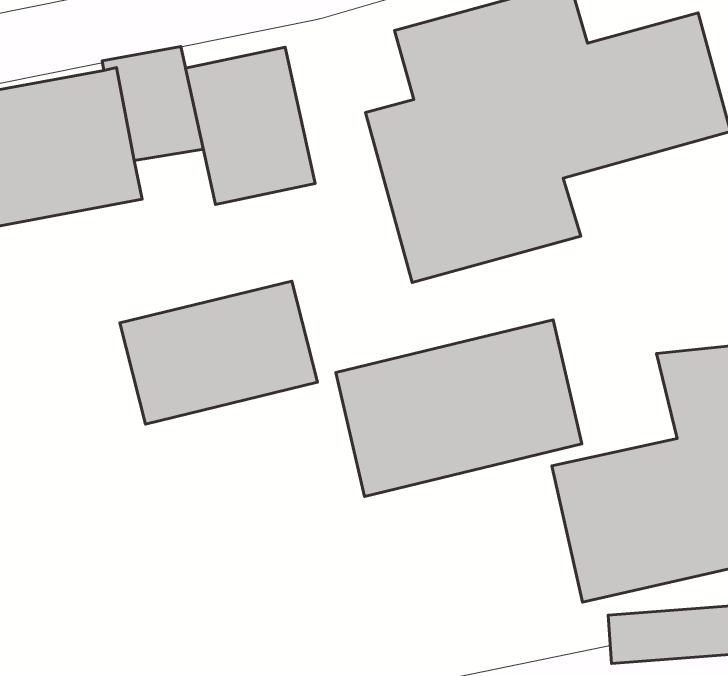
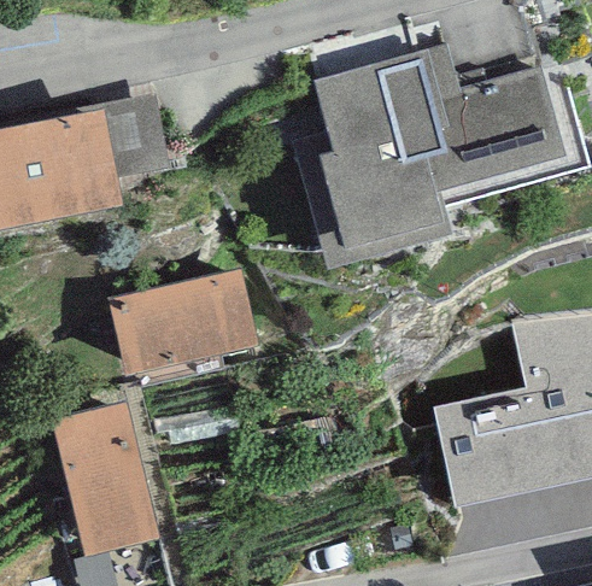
building: [186,47,315,205] -> none
building: [336,320,582,496] -> none
building: none -> [49,400,158,555]

